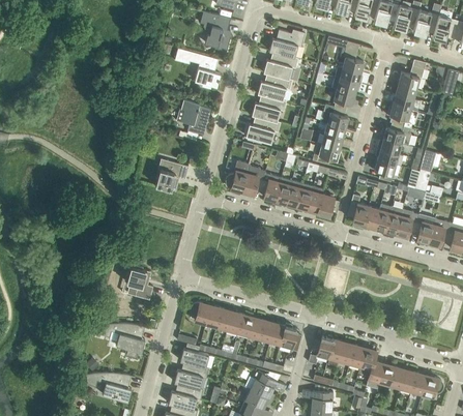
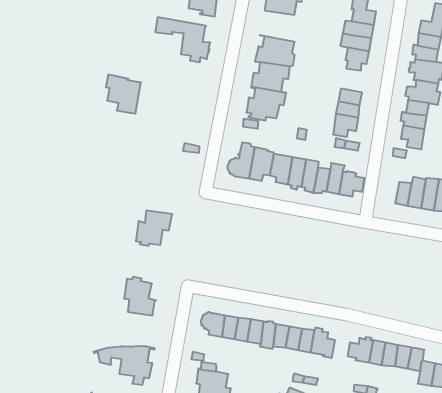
building: [263,52,298,81] -> none
building: [180,100,210,136] -> [106,75,141,114]
building: [320,105,348,129] -> none
building: [155,161,189,191] -> [136,211,172,246]
building: [347,195,369,226] -> none

